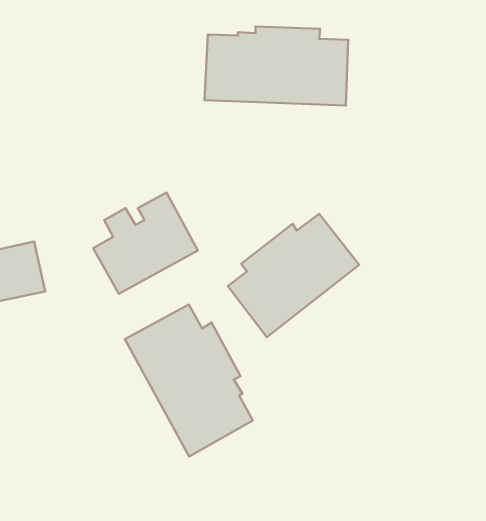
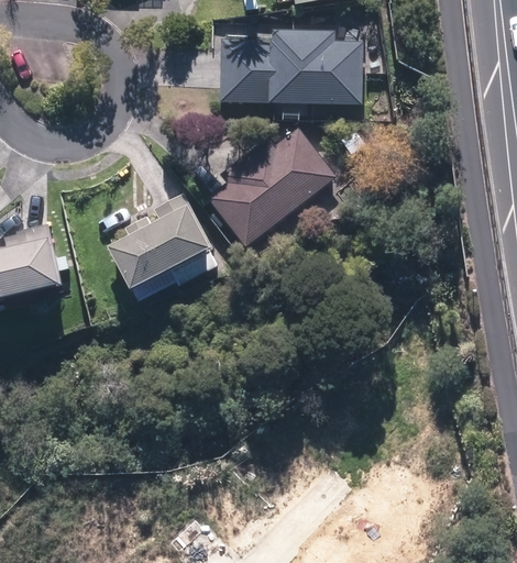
building: [228,214,359,337] -> [206,125,336,247]
building: [125,304,253,456] -> none

